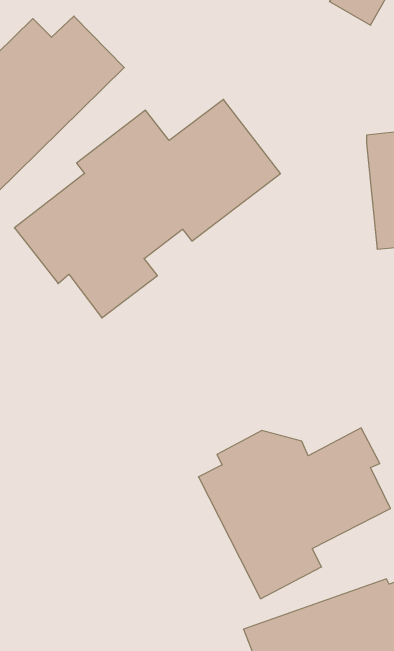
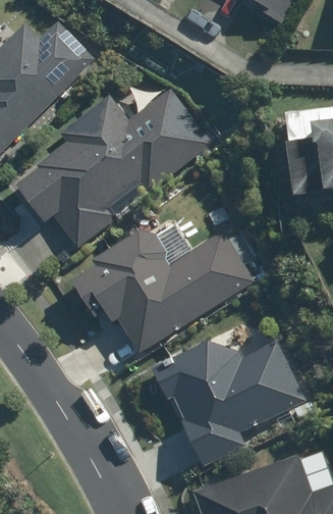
building: none -> [67,224,251,351]

